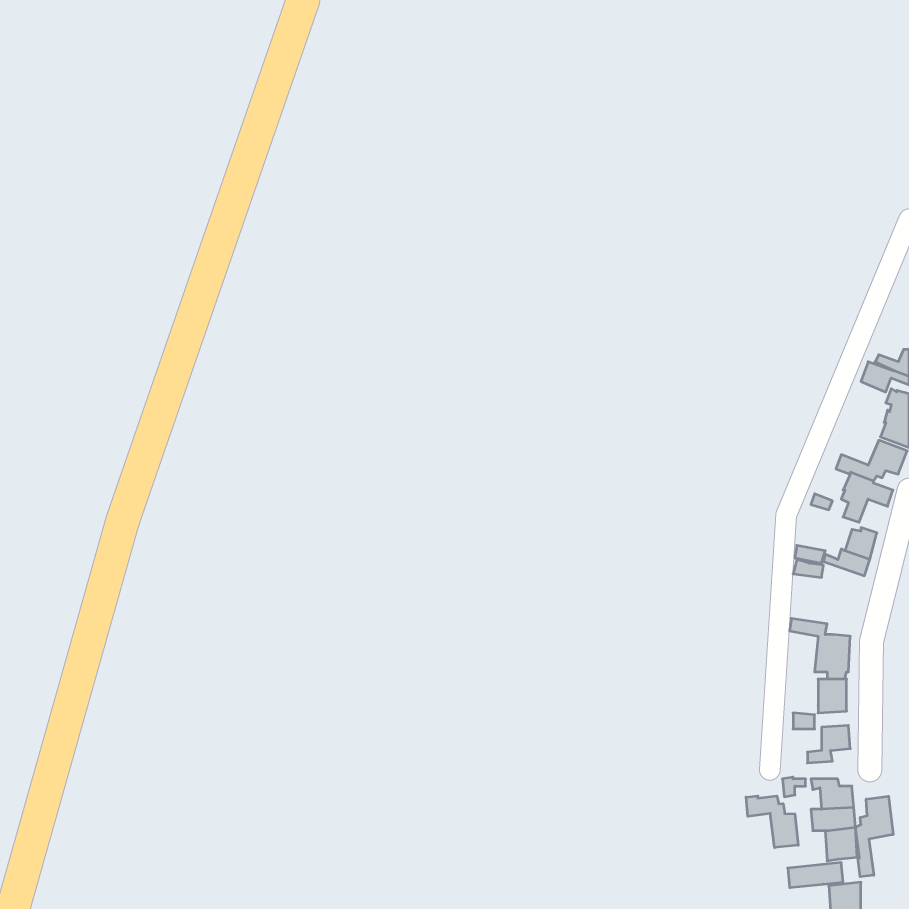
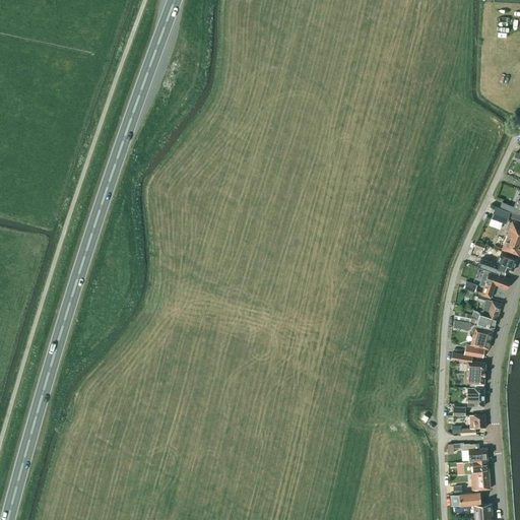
building: none -> [467,326,492,359]
building: [746,796,798,848] -> none
building: [856,796,893,877] -> none

